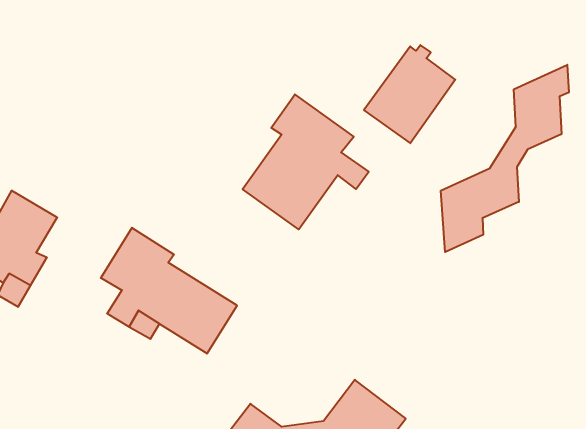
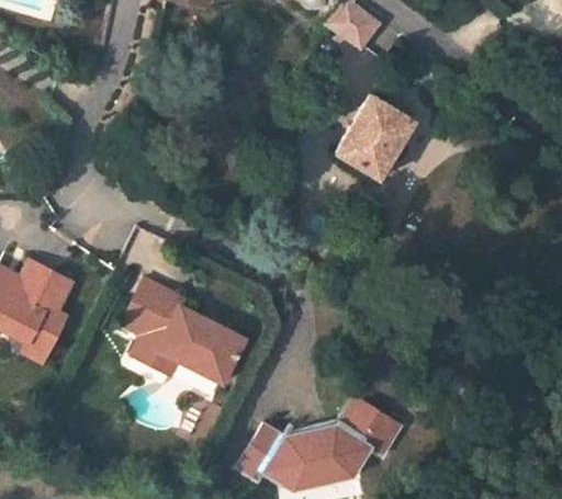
building: [441,65,569,252] -> none
building: [243,94,369,229] -> none

